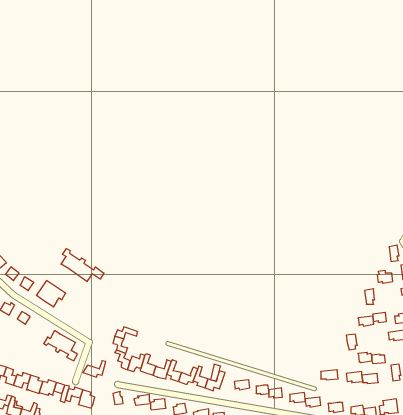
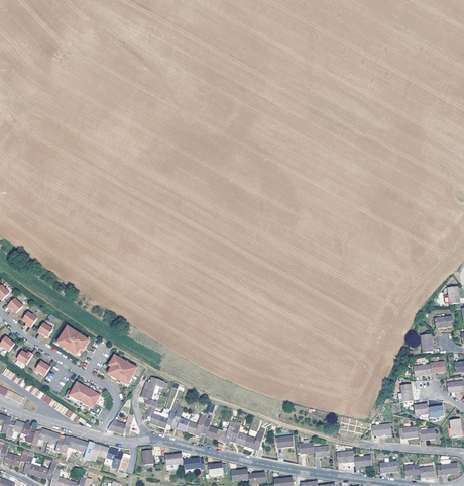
building: [61,249,104,281] -> none
building: none -> [107,354,137,384]

